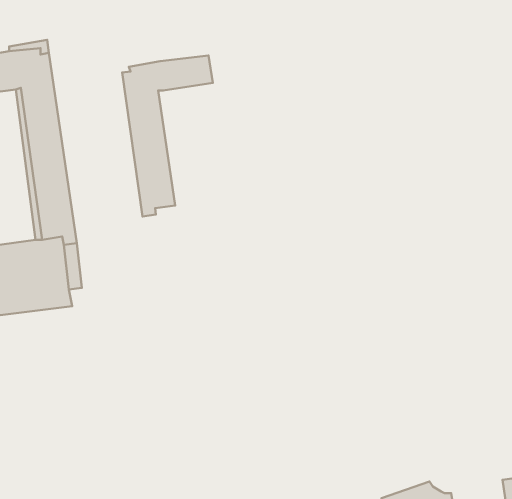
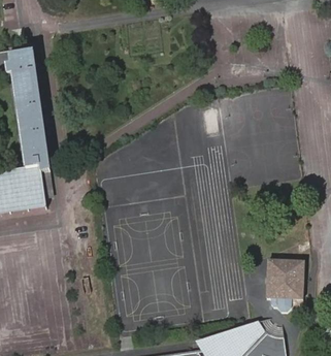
building: [122,55,213,216] -> none
building: none -> [265,258,306,311]

